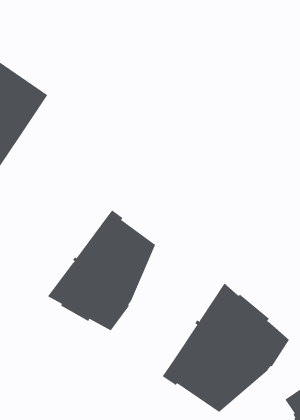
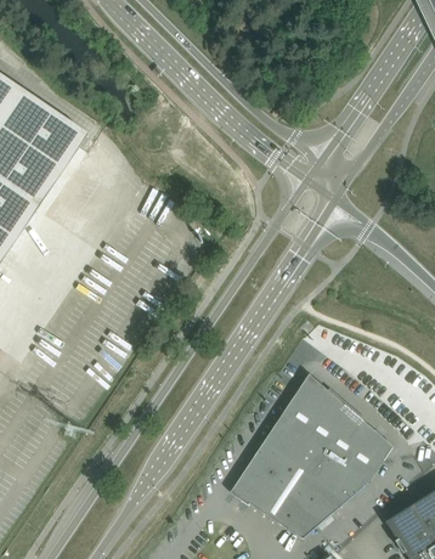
building: [47,209,156,331] -> none

